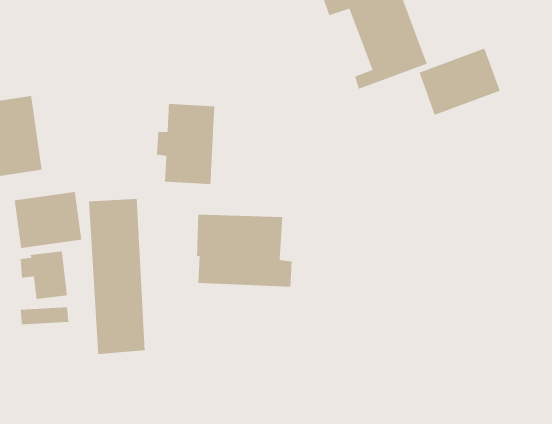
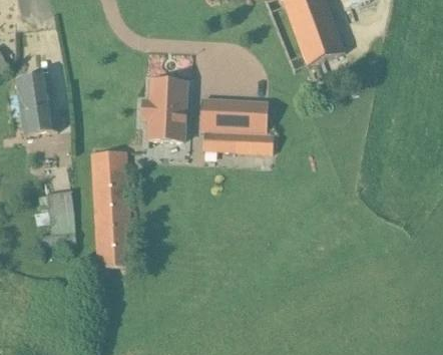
building: [418,48,501,116] -> none
building: [14,191,82,249] -> none
building: [196,214,292,288] -> [201,97,274,152]

